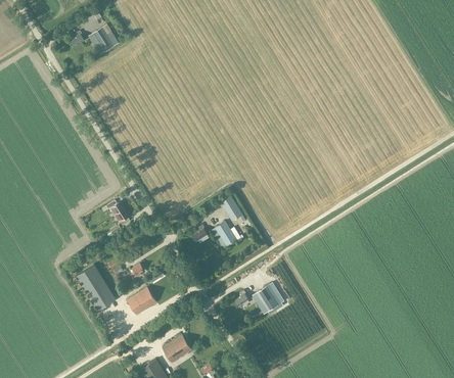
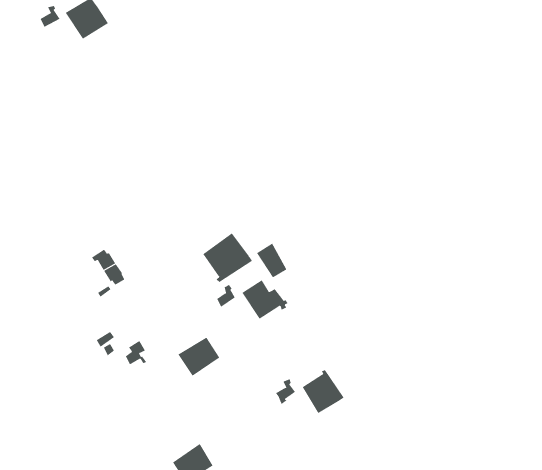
building: none -> [203,233,253,283]
building: [76,264,116,310] -> none
building: [127,287,156,315] -> [177,337,220,377]

